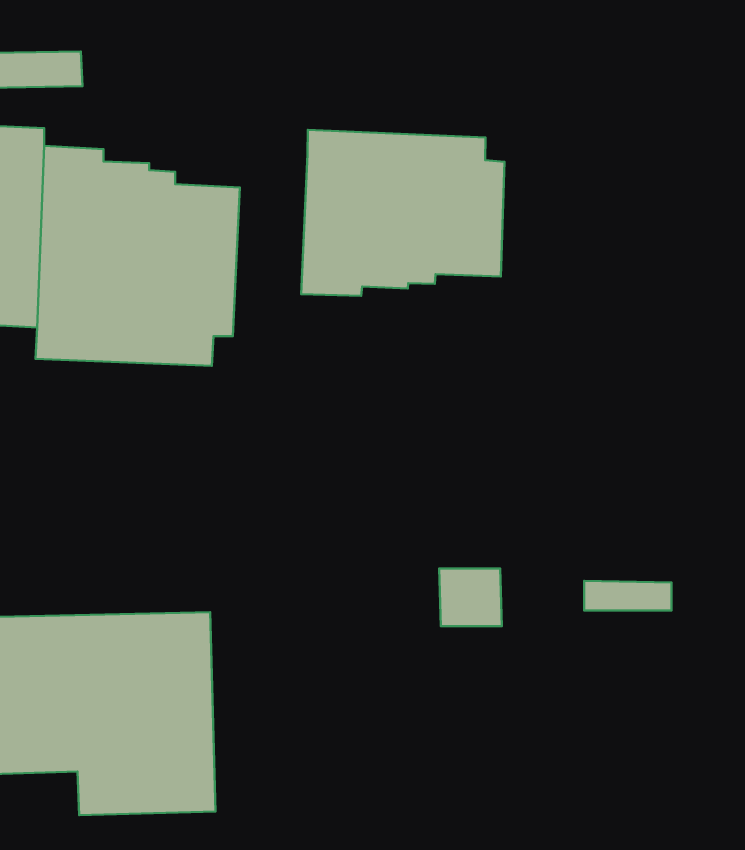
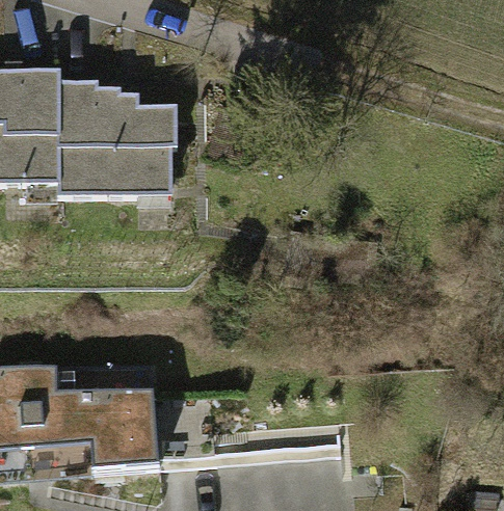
building: [301,130,505,296] -> none

